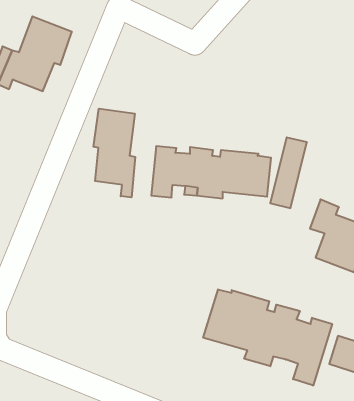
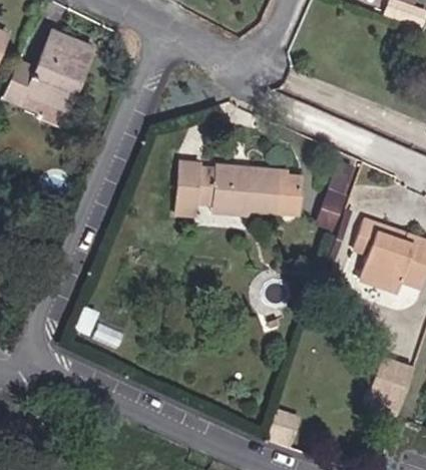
building: [93,109,135,197] -> none
building: [203,289,332,386] -> none

